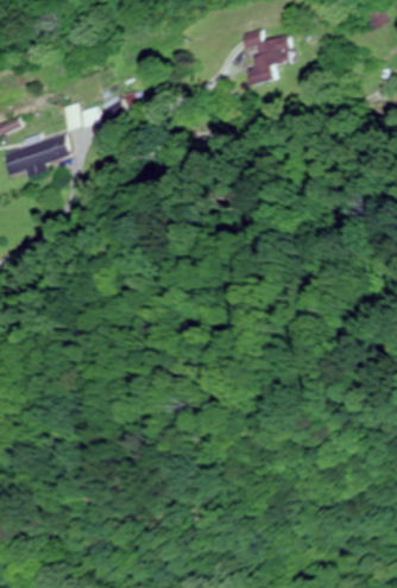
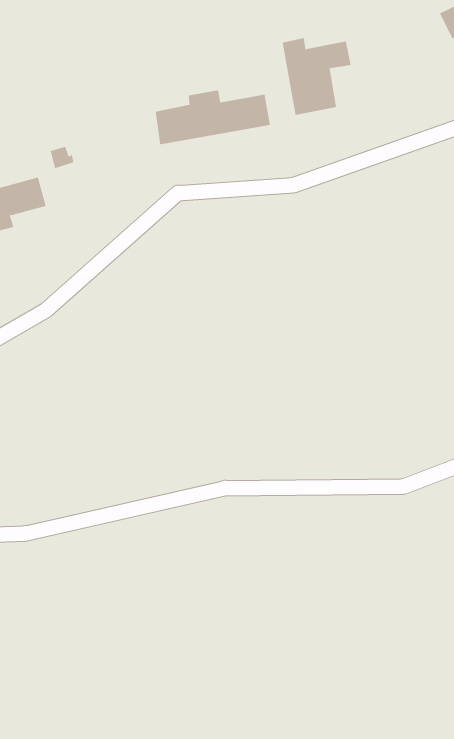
building: none -> [155,89,270,145]

